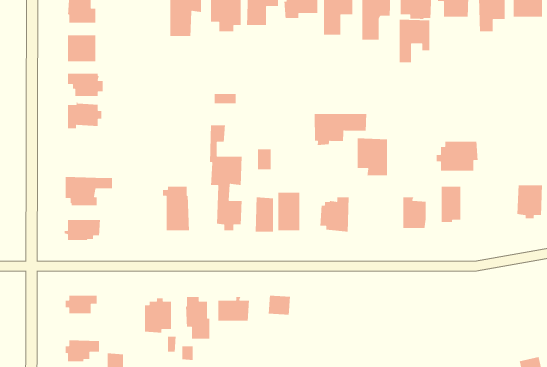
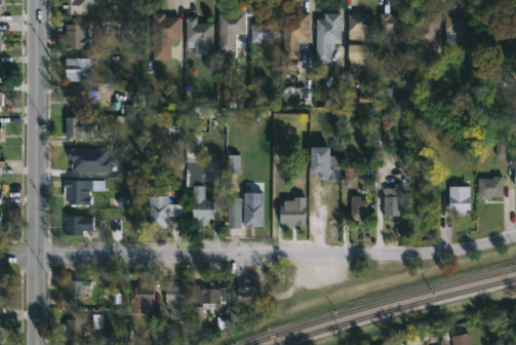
building: [314,113,367,146] -> none
building: [436,141,478,171] -> none
building: none -> [69,150,111,171]

